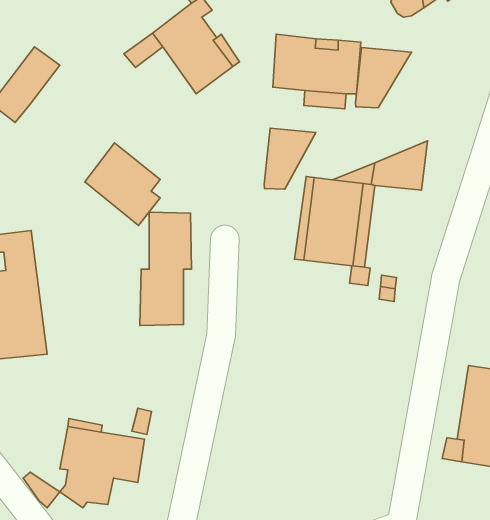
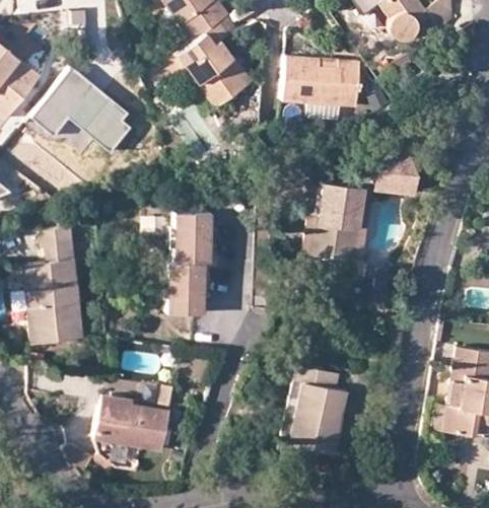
building: [355,47,412,108] -> none
building: [264,128,316,189] -> none
building: [85,143,160,225] -> [68,82,135,155]
building: none -> [281,365,347,454]

